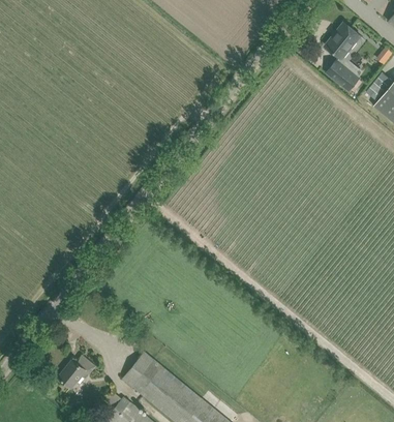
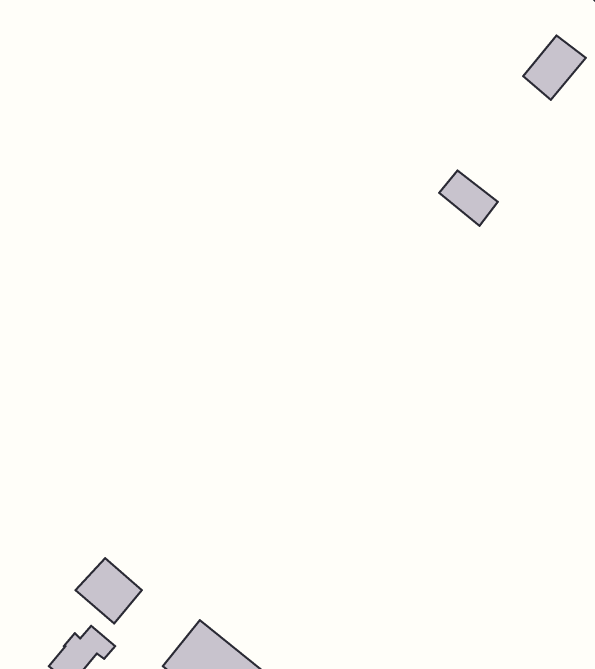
building: [327,61,360,92] -> [439,171,498,226]
building: none -> [75,558,142,623]

